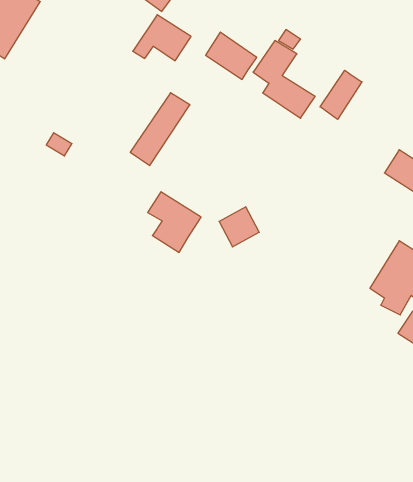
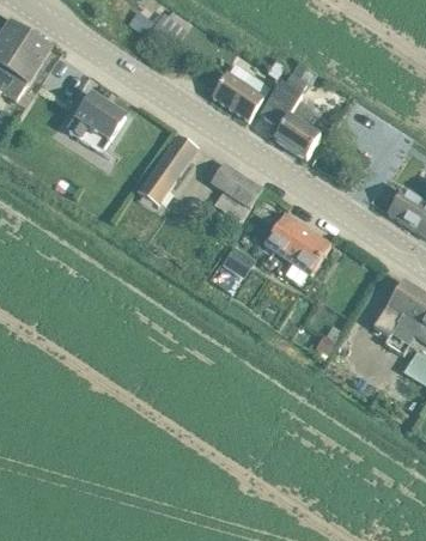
building: [133,15,191,61] -> [67,92,124,138]
building: [320,70,362,119] -> none
building: none -> [263,212,330,273]
building: [148,192,201,252] -> [209,160,262,220]

